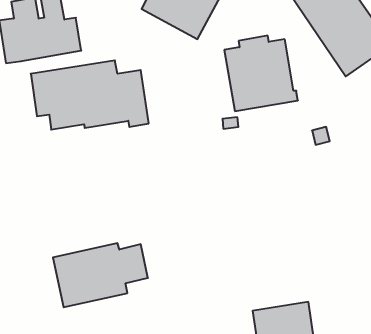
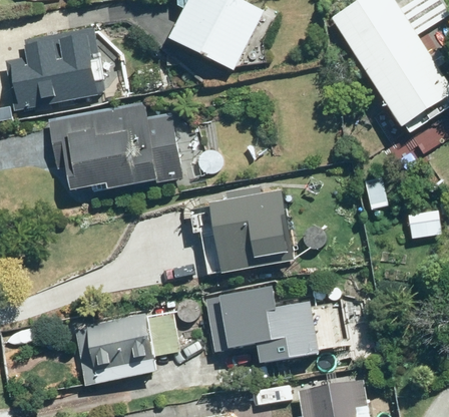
building: [224,36,298,111] -> [209,183,293,269]
building: none -> [228,290,321,381]

